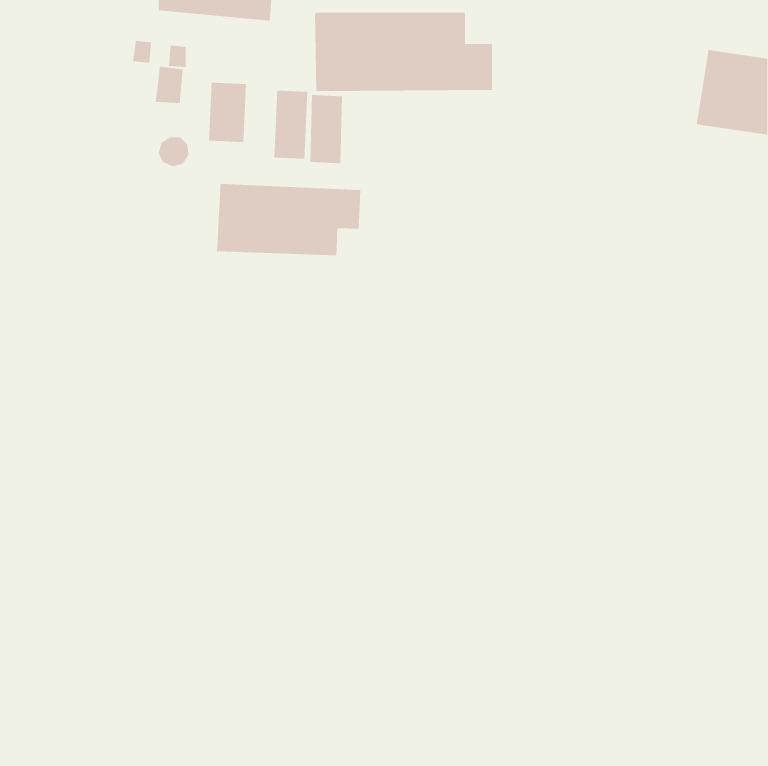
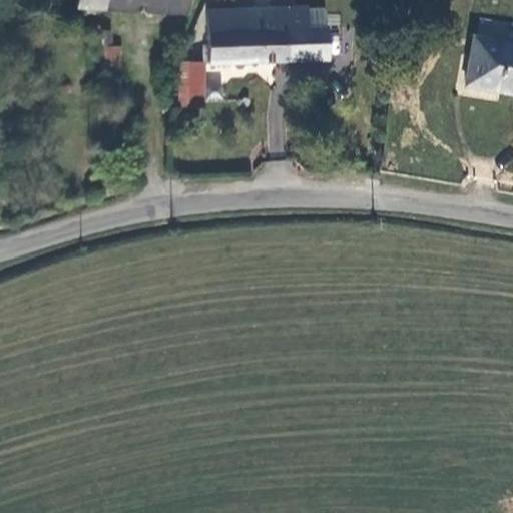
building: [208,82,246,143] -> none
building: [217,183,361,256] -> none

